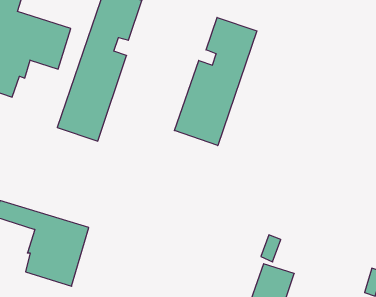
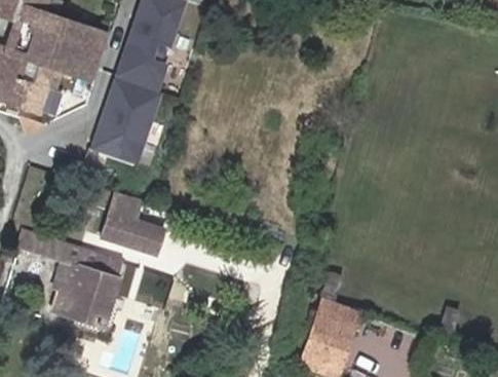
building: [174,17,257,146] -> none
building: none -> [105,198,164,255]

